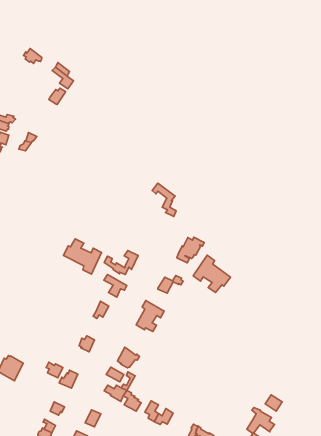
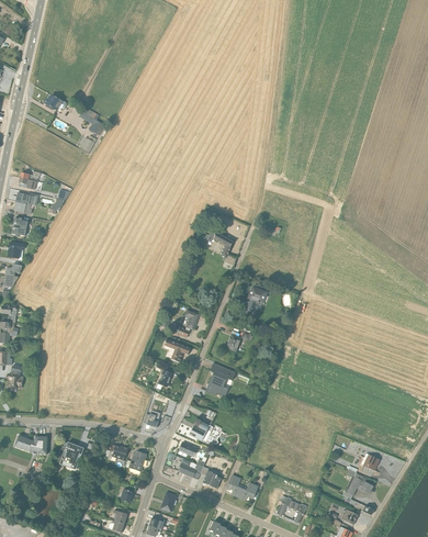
building: [63,239,102,274] -> none
building: [193,255,230,293] -> none

